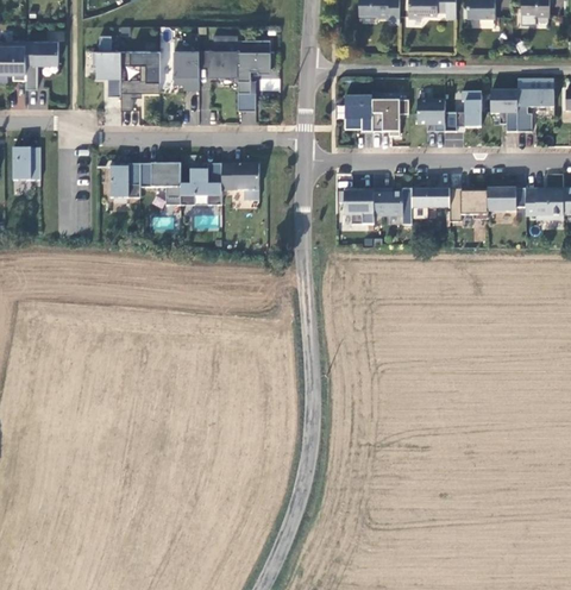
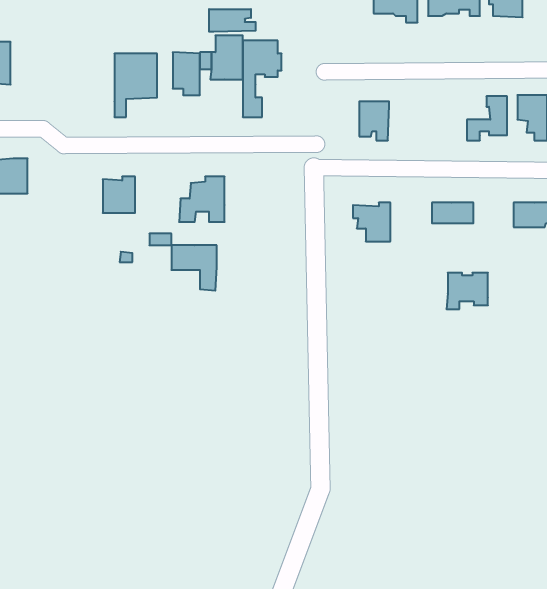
building: none -> [209,9,256,32]
building: [93,34,120,95] -> none
building: [25,40,58,89] -> none
building: [371,99,408,136] -> none
building: [416,99,445,131] -> none
building: [139,164,181,206] -> [171,245,217,291]
building: [221,164,258,201] -> none
building: [374,188,402,214] -> none
building: [448,188,487,221] -> [446,273,488,309]

